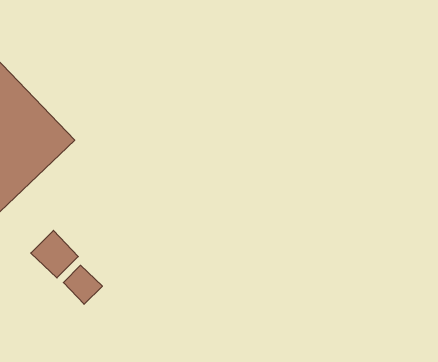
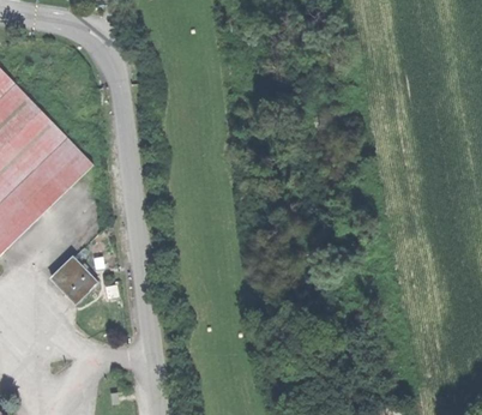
building: [63,265,102,304] -> none

